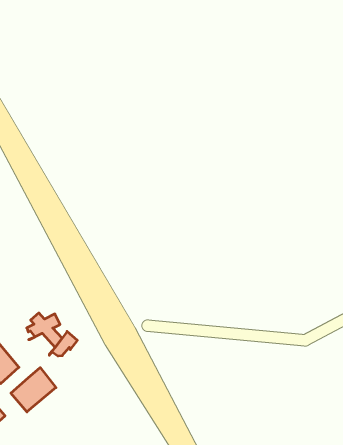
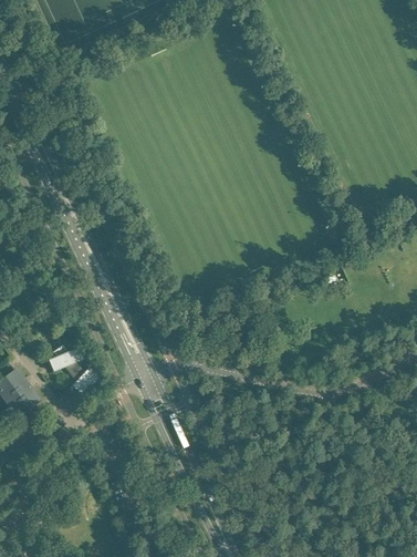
building: [11,368,56,412] -> none

